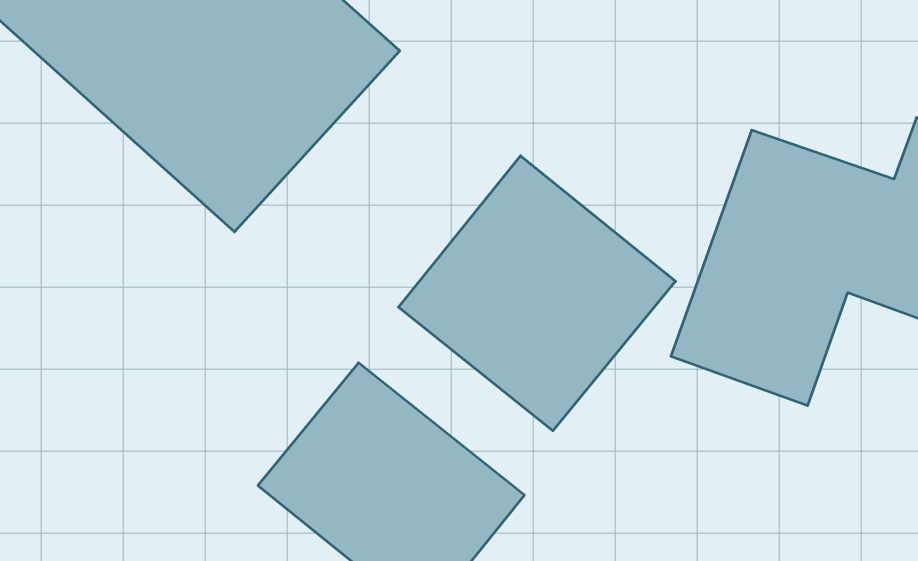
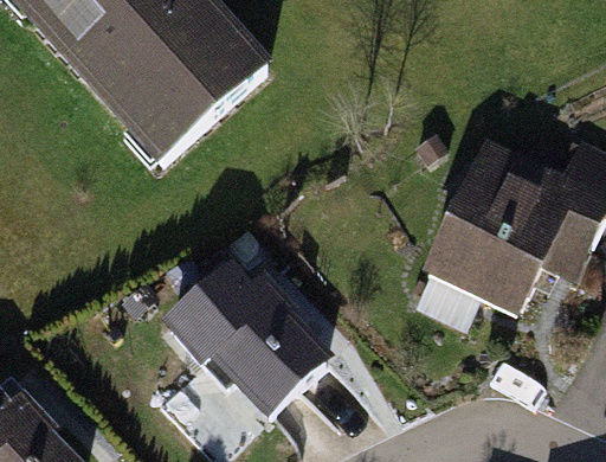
building: [398,156,676,431] -> none

